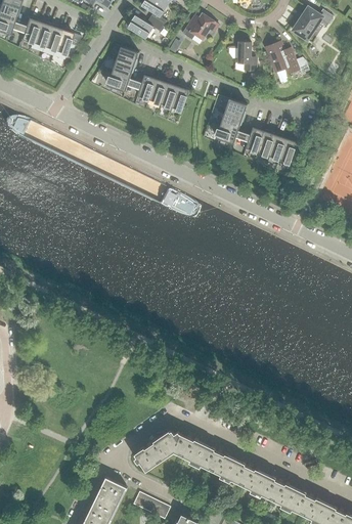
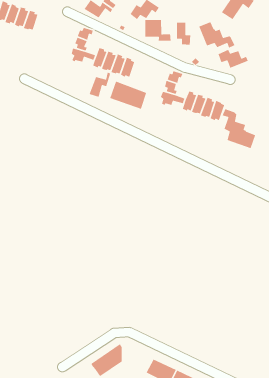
building: none -> [144,19,171,42]
building: none -> [218,49,249,69]
building: none -> [89,72,111,98]
building: none -> [109,81,147,110]
building: none -> [221,108,256,149]
building: [173,433,210,467] -> none

